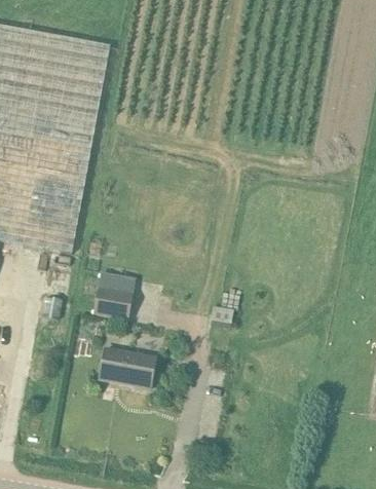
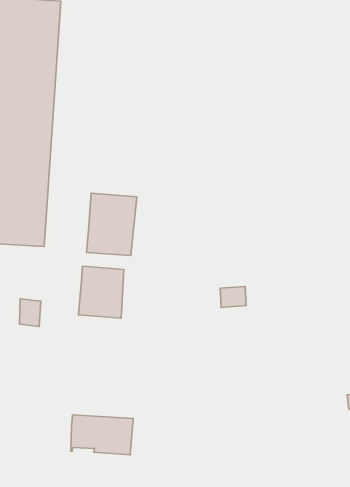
building: none -> [87,193,137,256]
building: [99,347,155,387] -> [71,415,133,455]

